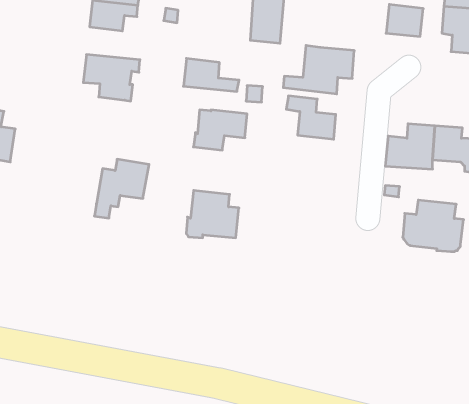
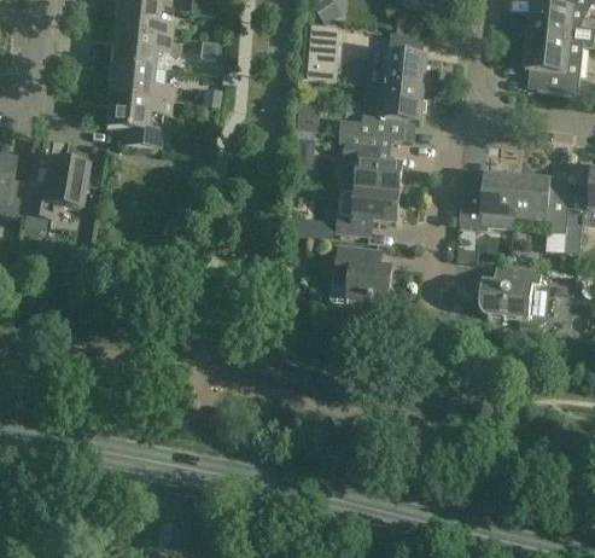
building: [386,4,423,36] -> [383,51,426,88]
building: [183,58,239,91] -> [109,60,174,99]
building: [193,110,247,150] -> [336,187,398,234]
building: [94,159,149,218] -> [21,159,84,228]
building: [186,190,239,238] -> [329,246,391,302]

